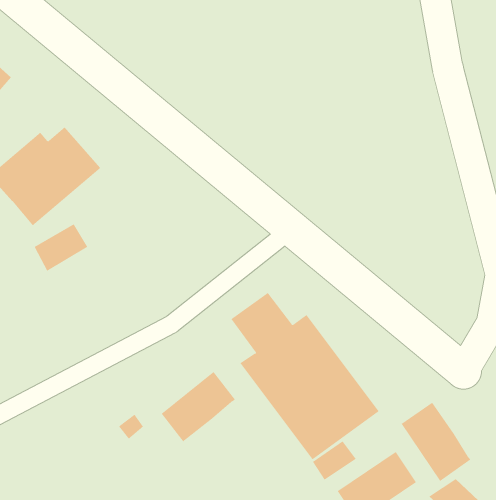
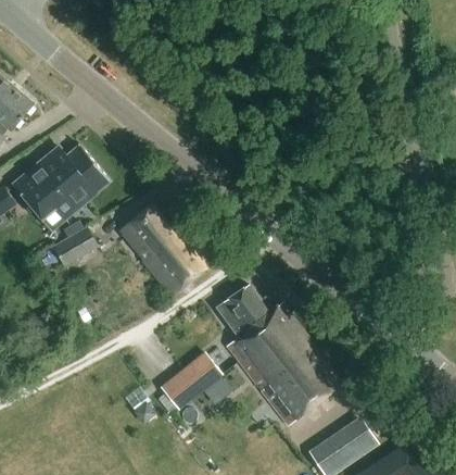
building: none -> [121,204,211,296]
building: [401,402,471,482] -> none
building: [312,441,356,481] -> none

